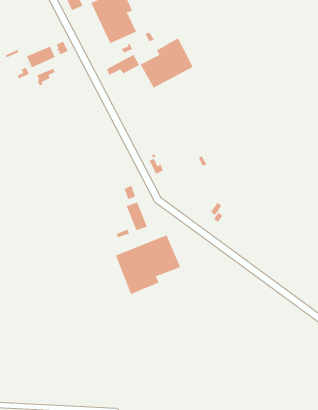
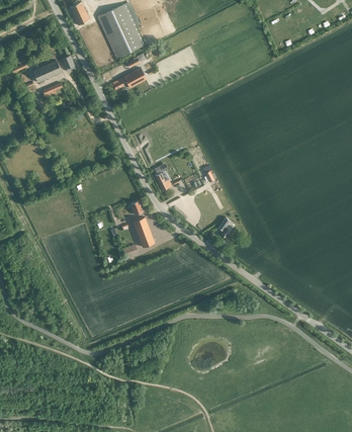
building: [140,38,194,88] -> none
building: [115,234,181,295] -> none

